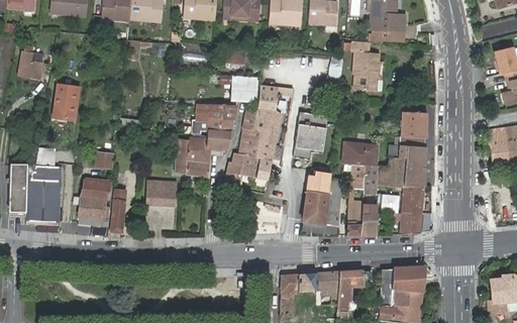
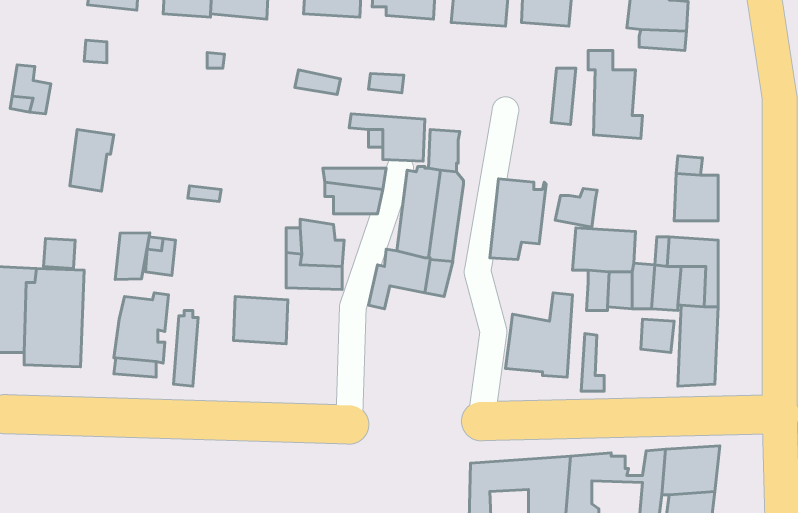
building: [203,132,228,148] -> none
building: none -> [115,233,150,280]
building: [306,172,330,194] -> [555,188,597,227]
building: [358,206,374,234] -> none

